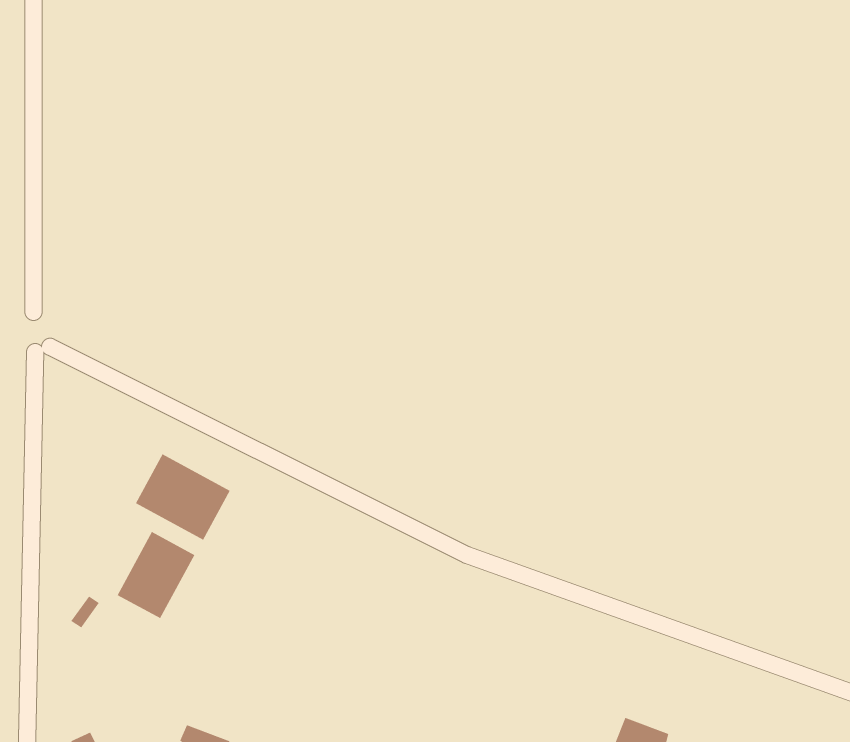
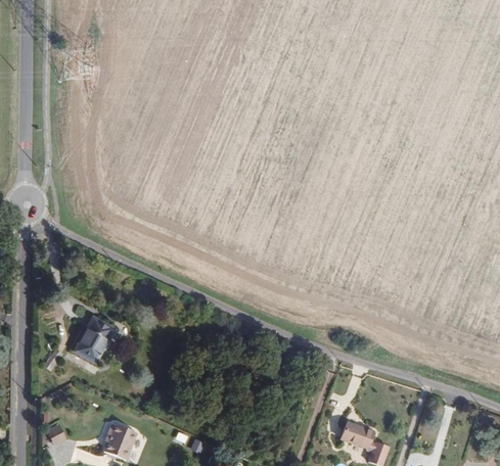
building: [135,453,231,541] -> none

